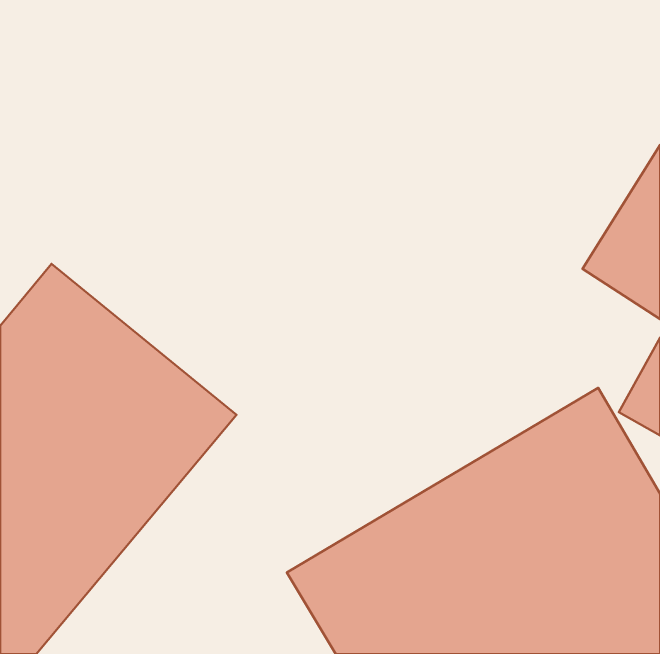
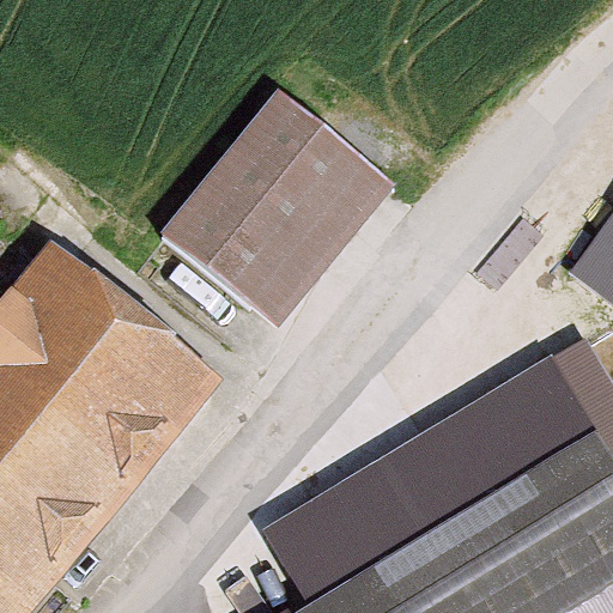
building: none -> [160,90,395,328]

